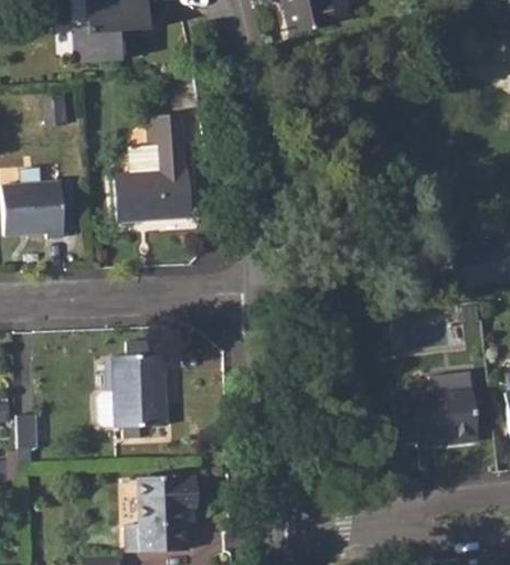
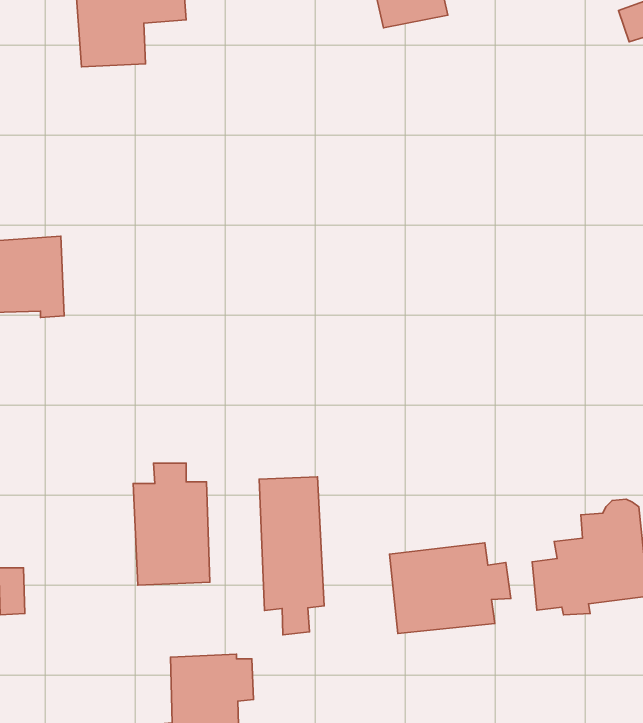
building: [117,113,192,223] -> none
building: none -> [259,477,324,635]
building: none -> [389,543,511,634]

